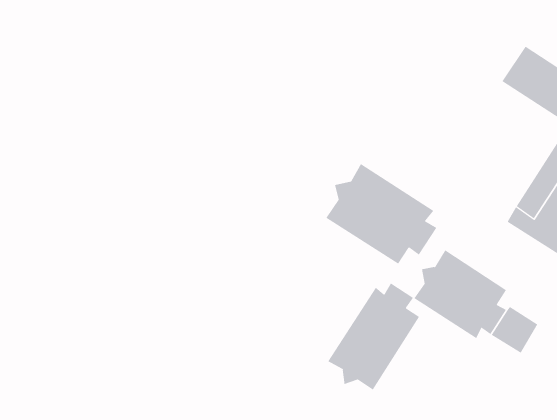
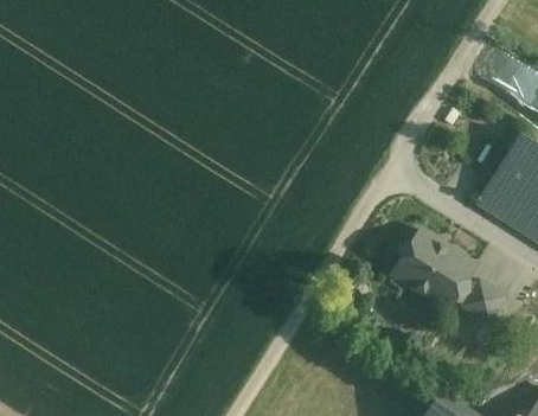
building: [325,163,437,264] -> none
building: [328,282,420,391] -> none

